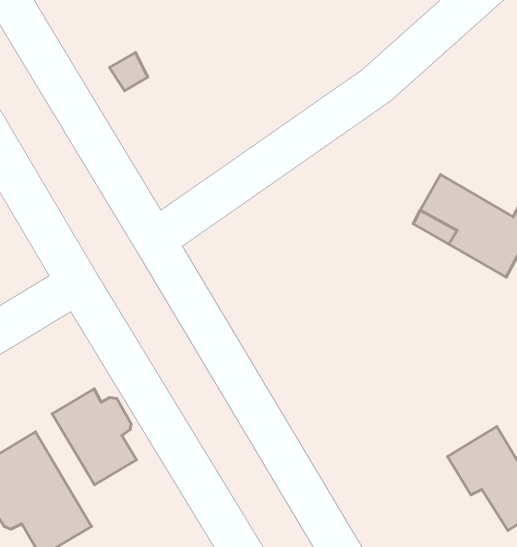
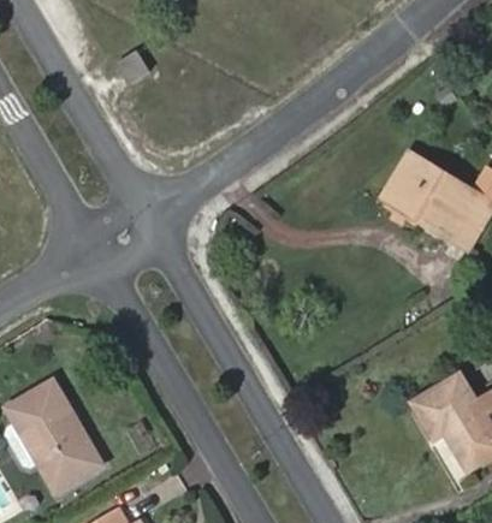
building: [52,389,137,485] -> none

